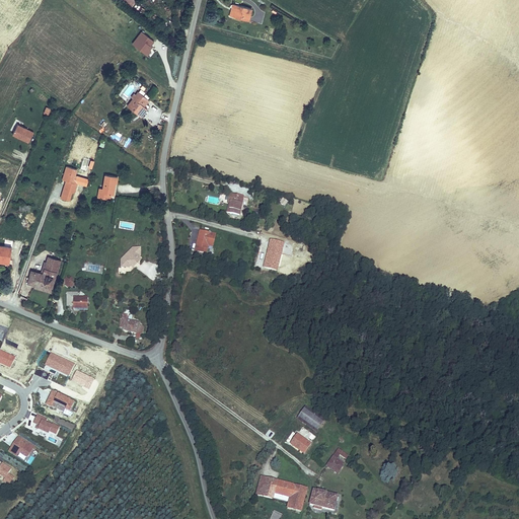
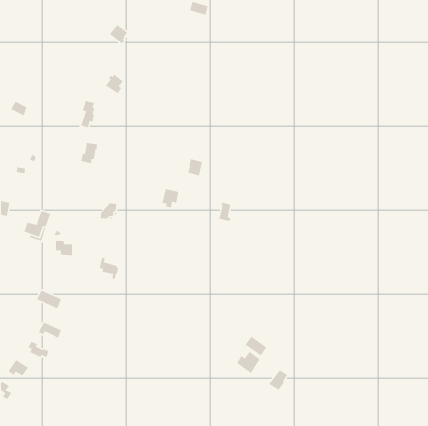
building: [60,164,78,199] -> [80,100,95,128]
building: [251,474,307,511] -> none
building: [308,489,337,511] -> none

